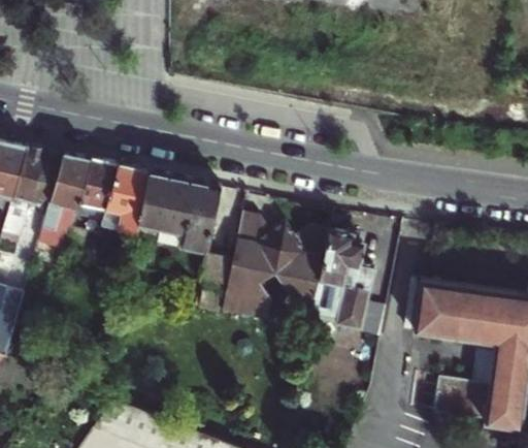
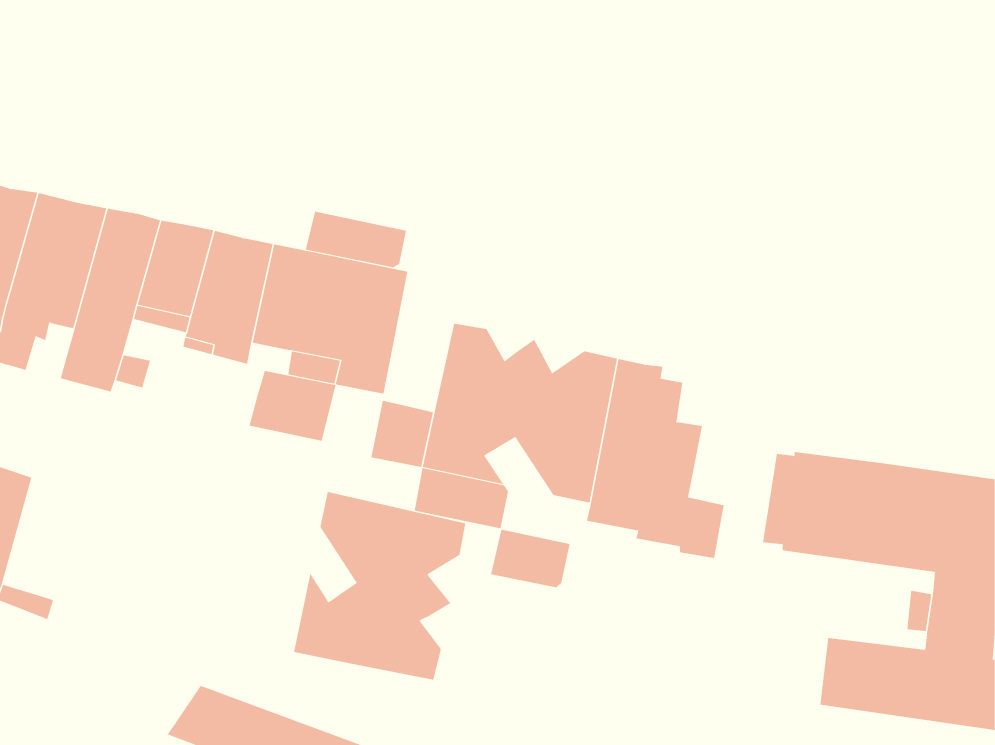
building: none -> [305,211,407,268]
building: none -> [249,370,336,442]
building: none -> [294,491,466,681]
building: none -> [490,529,570,588]

